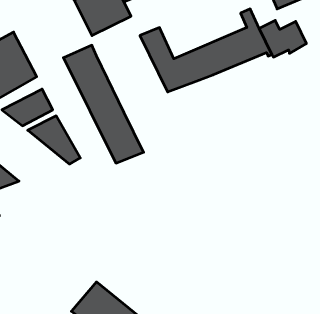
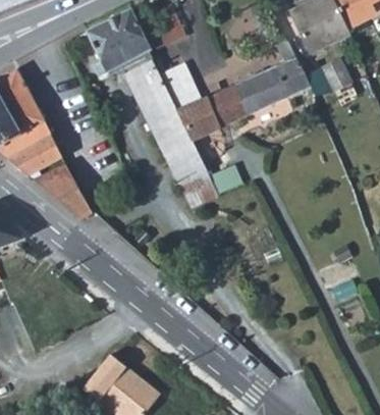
building: [63,45,144,163] -> [123,60,215,195]

